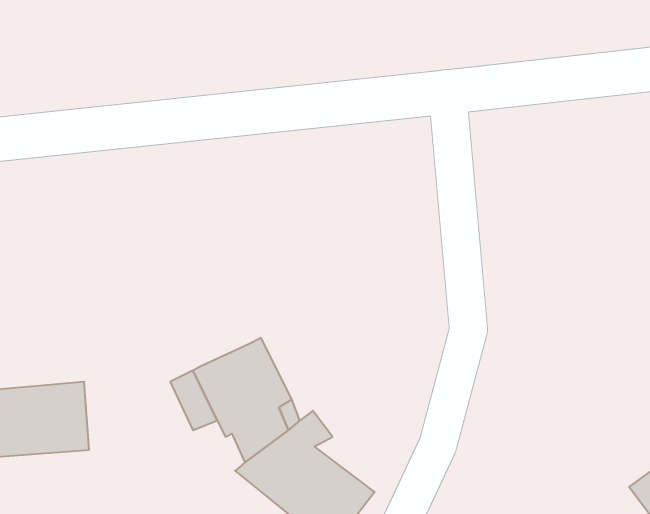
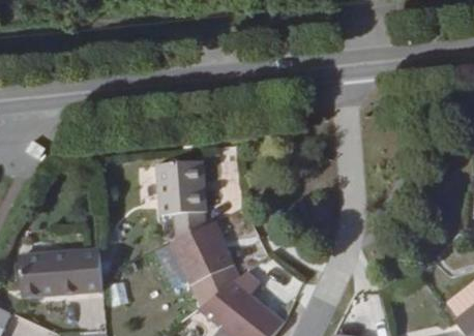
building: none -> [158,159,209,240]

